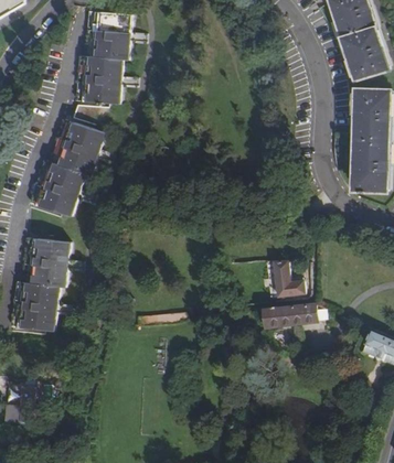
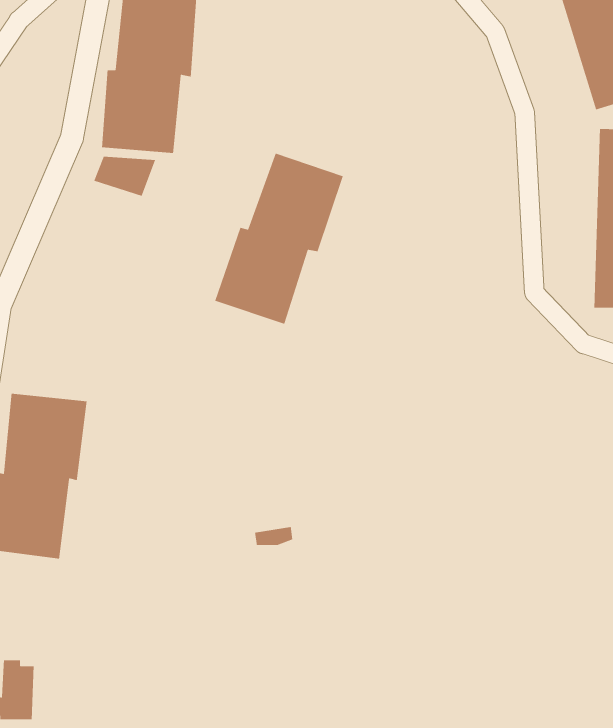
building: [31,120,104,217] -> [214,152,344,325]
building: [275,274,302,297] -> none
building: [263,304,315,327] -> none

